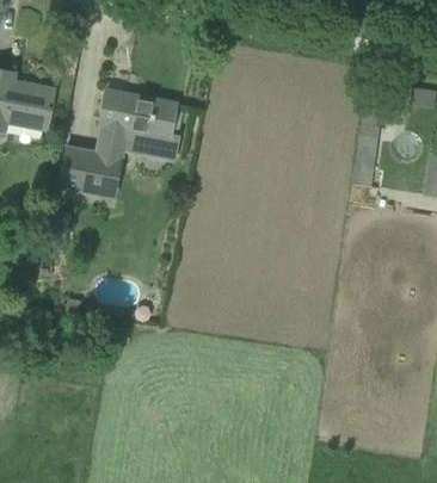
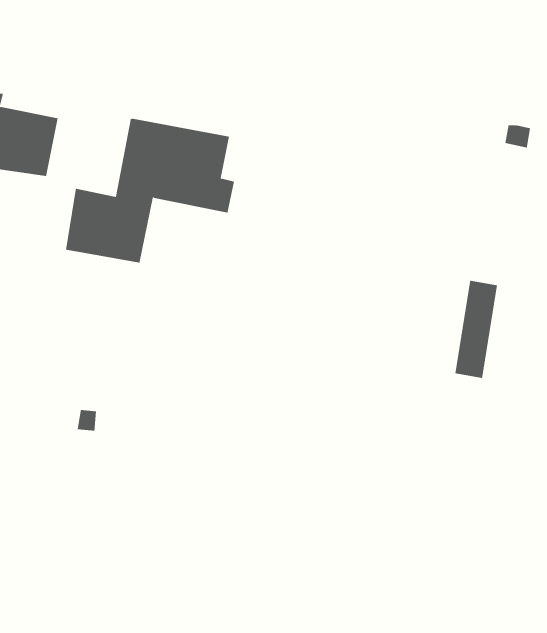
building: [351,114,382,185] -> [455,280,498,379]

